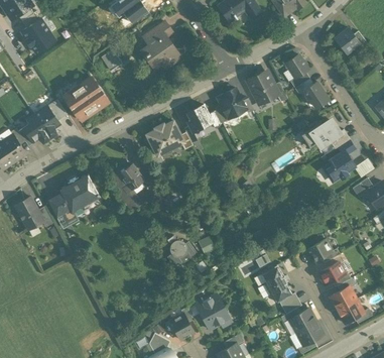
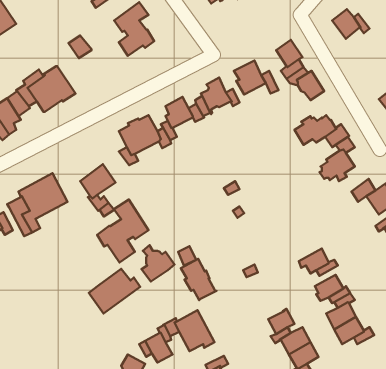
building: none -> [97,200,148,262]
building: none -> [89,269,140,314]
building: [261,266,292,303] -> [181,259,216,300]

